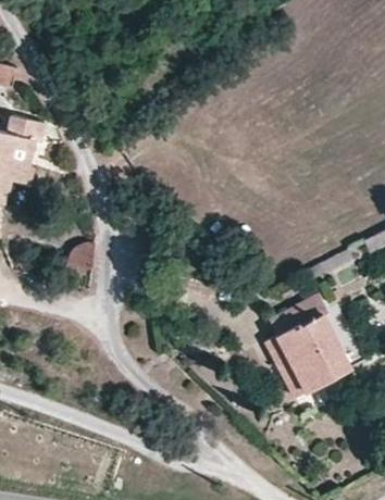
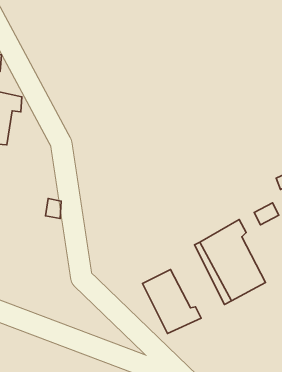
building: none -> [142,269,201,334]

